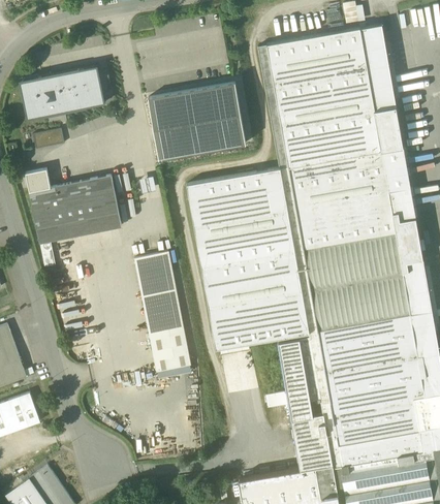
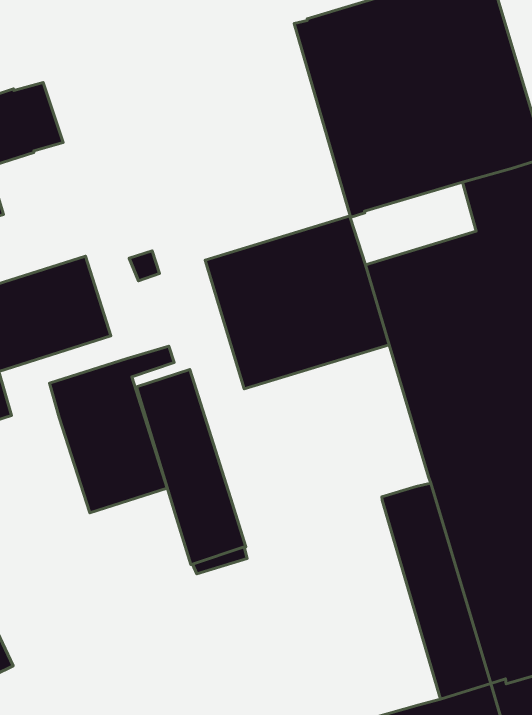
building: [148,83,246,159] -> none
building: [277,155,353,199] -> none
building: none -> [50,346,174,513]
building: [200,250,308,350] -> none

